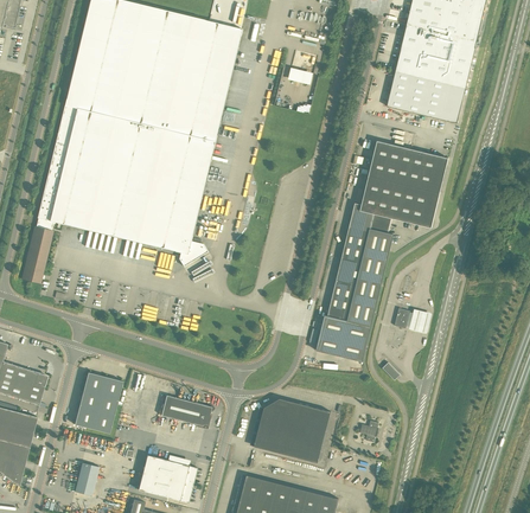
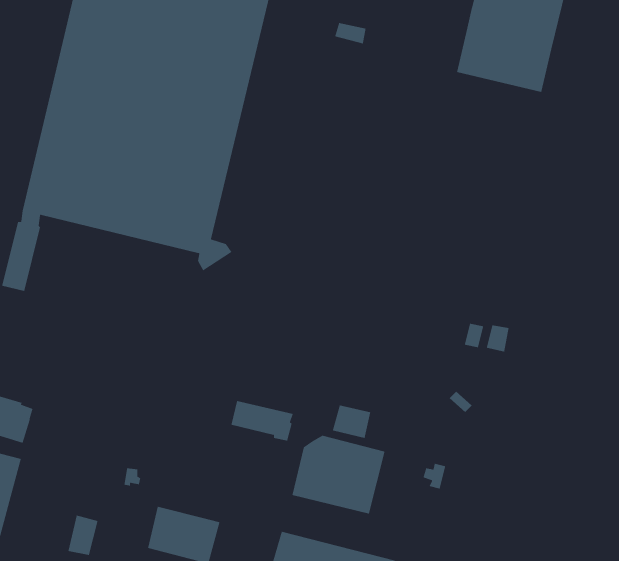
building: [317,141,448,361] -> none
building: [75,372,123,432] -> none
building: none -> [332,404,371,439]
building: [161,396,212,429] -> [230,400,294,441]

